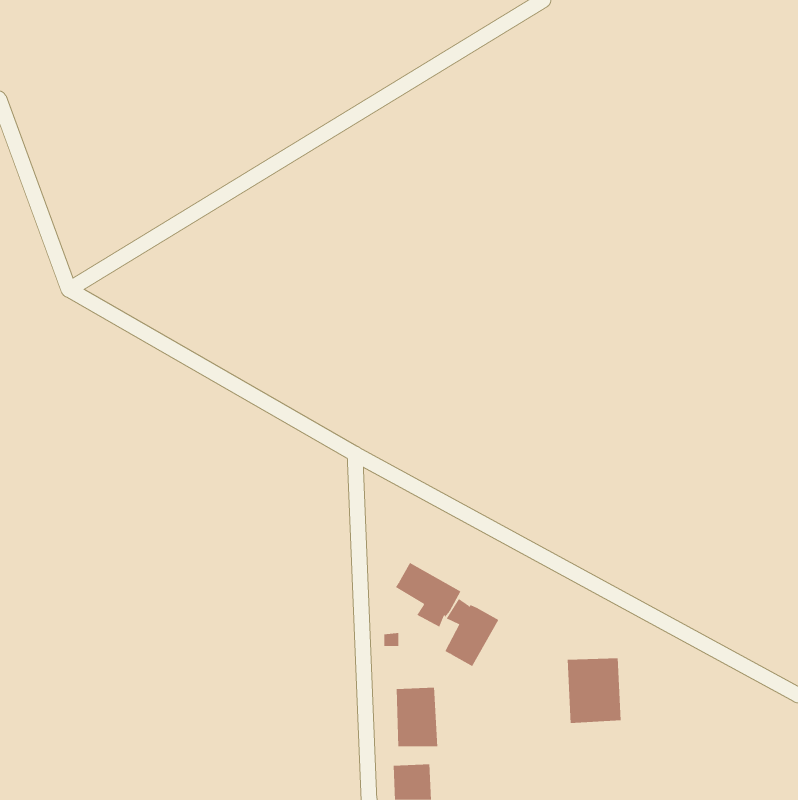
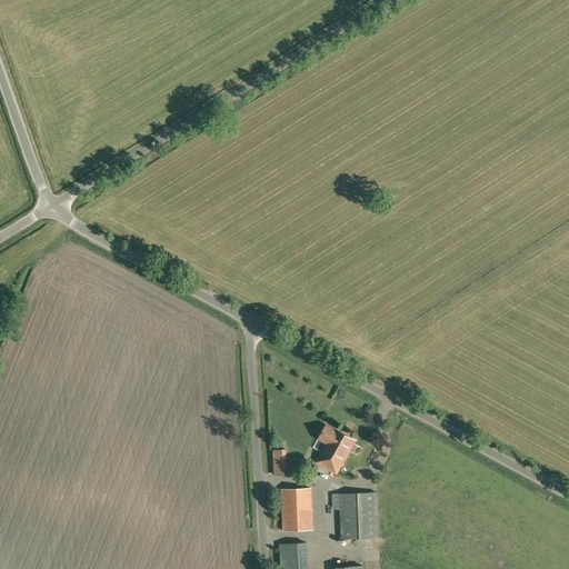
building: [395,562,461,628] -> none
building: [567,658,622,724] -> [339,492,378,539]

